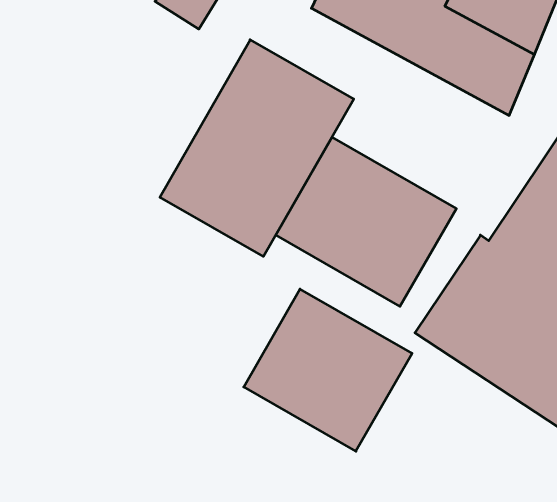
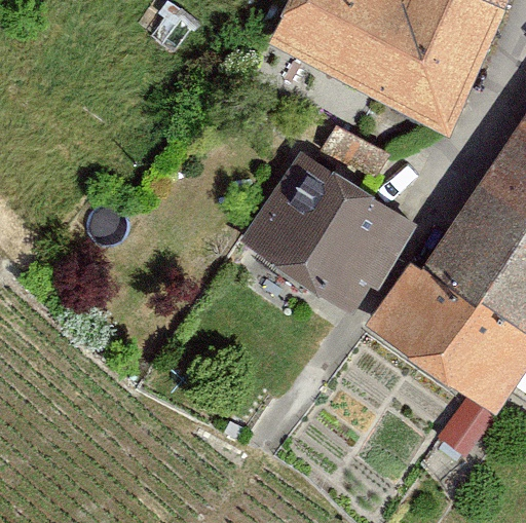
building: [160,40,354,256] -> none
building: [244,289,412,451] -> none

